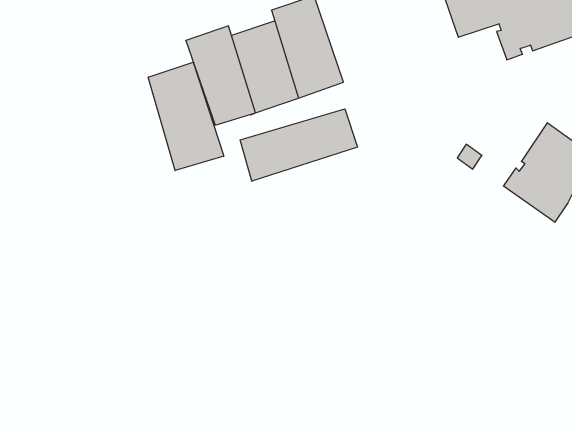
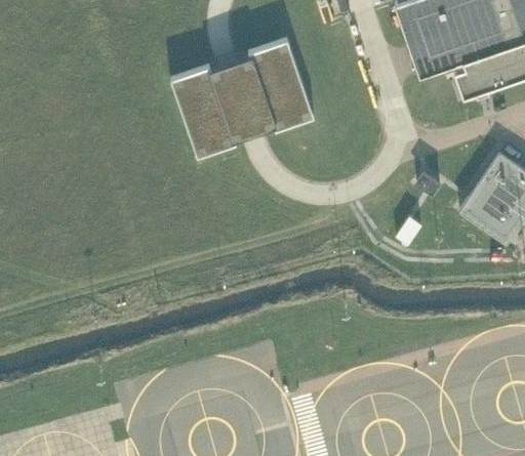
building: [148,62,224,171] -> none
building: [240,109,357,181] -> none

